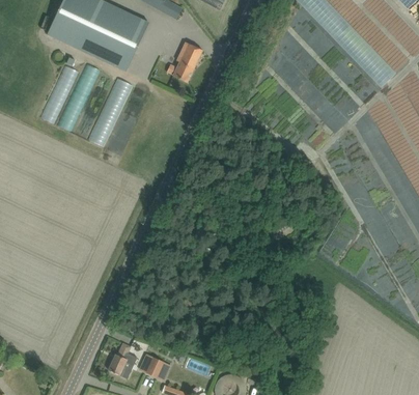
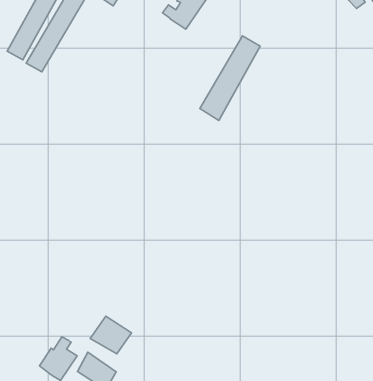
building: [92,78,134,148] -> [200,36,260,120]
building: none -> [90,316,131,354]

